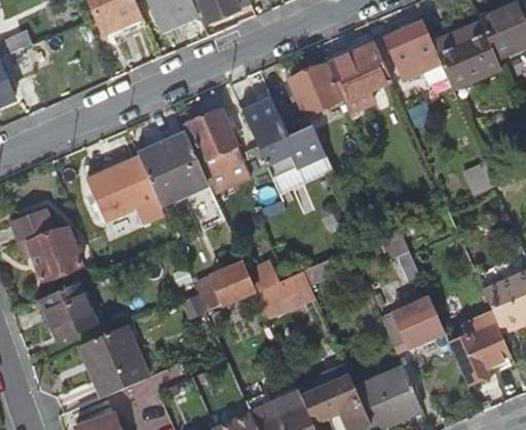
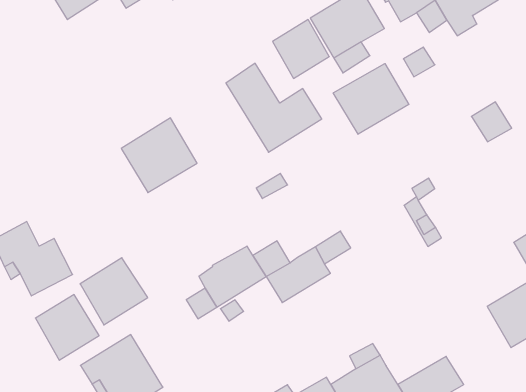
building: [186,107,250,189] -> none
building: none -> [333,64,409,134]
building: [86,161,146,220] -> [80,258,148,325]
building: [377,284,443,353] -> none
building: [352,364,408,403] -> none

